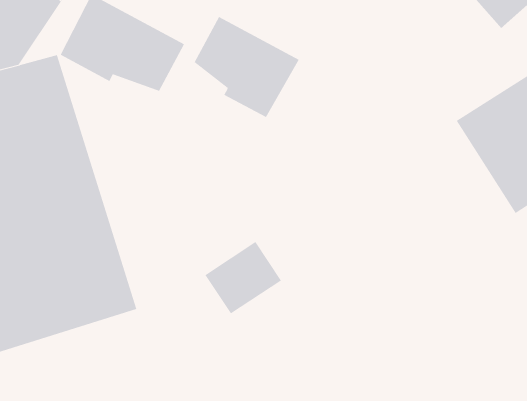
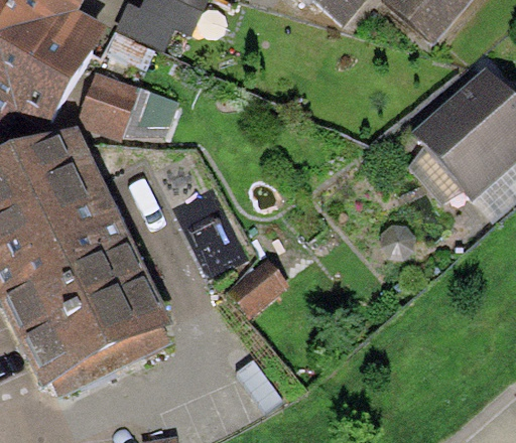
building: [194,16,299,118] -> none

